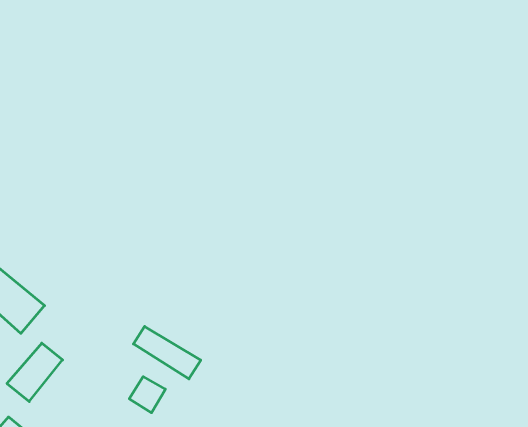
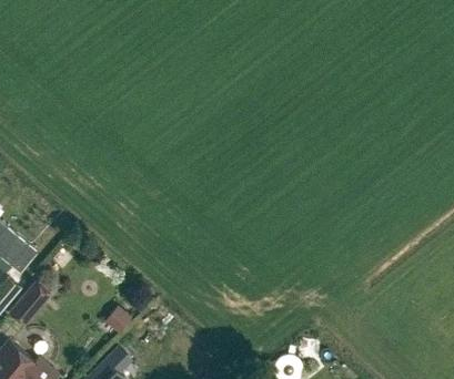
building: [133,326,201,379] -> none

